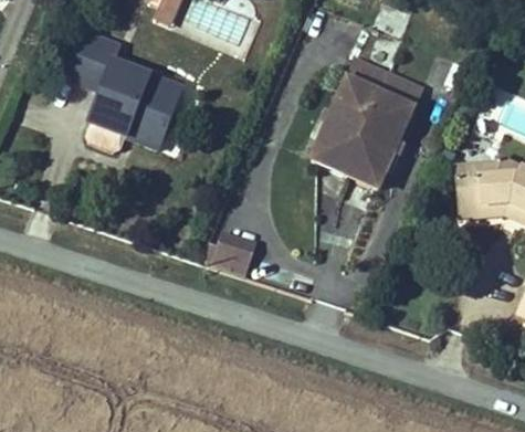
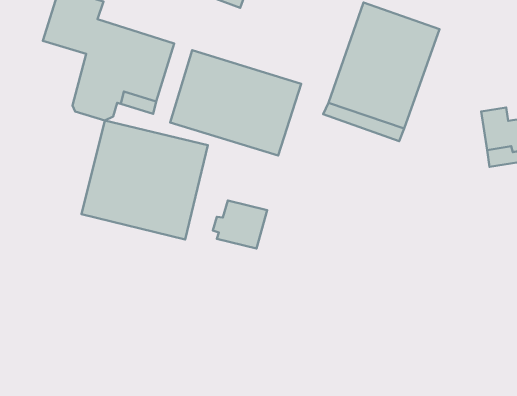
building: none -> [170,50,301,156]
building: none -> [81,121,208,239]

